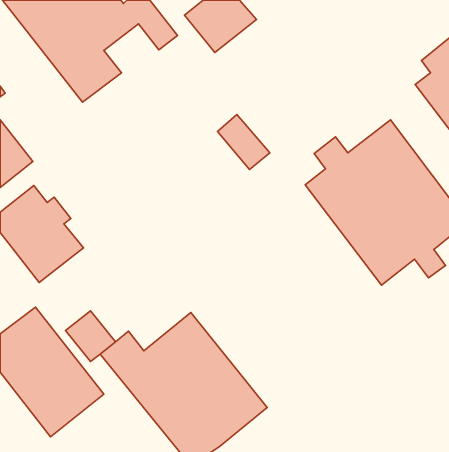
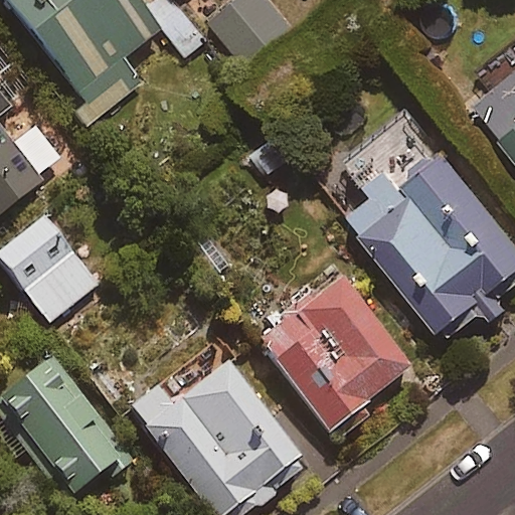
building: none -> [255,272,410,436]

